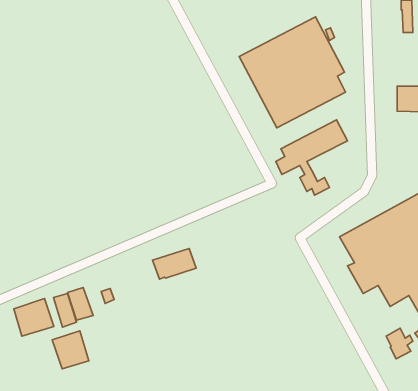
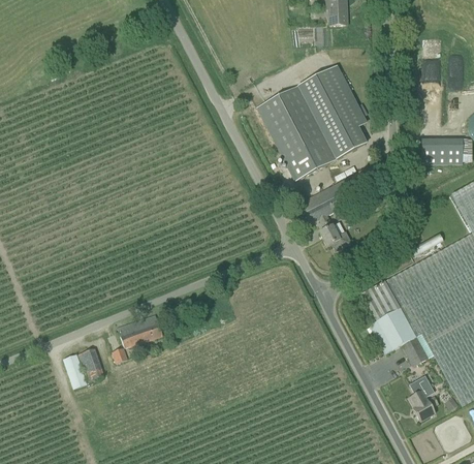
building: [152,248,196,279] -> [118,314,163,346]
building: [14,298,54,336] -> none
building: [52,331,89,369] -> none

